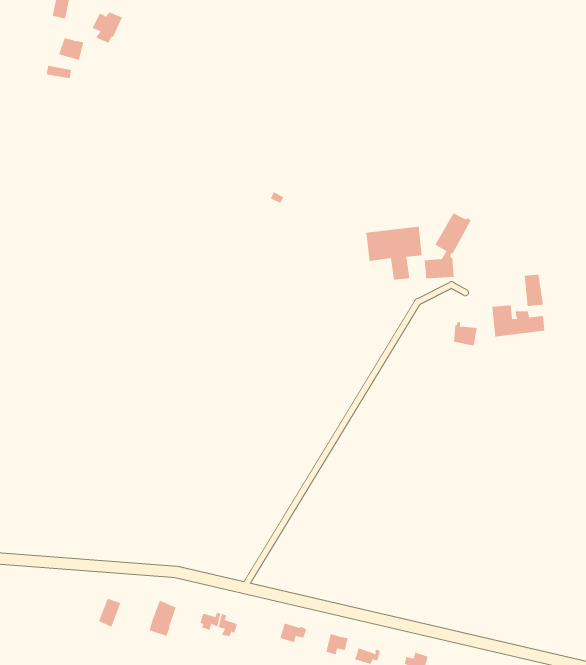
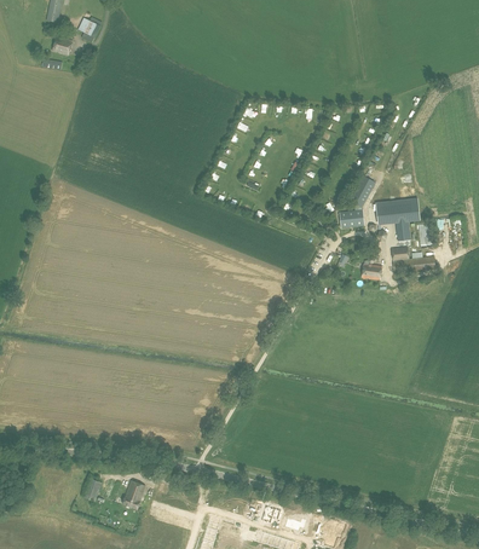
building: [366,226,422,280] -> [375,197,420,239]

